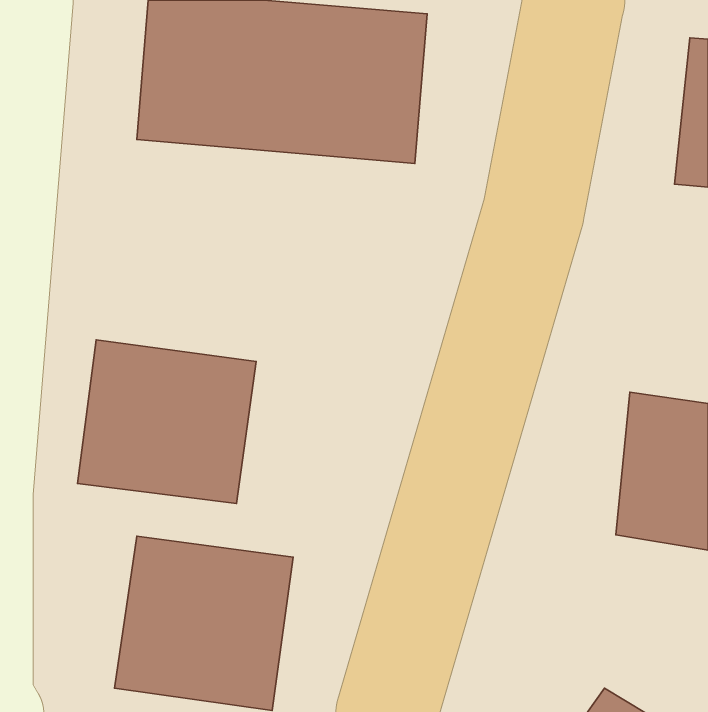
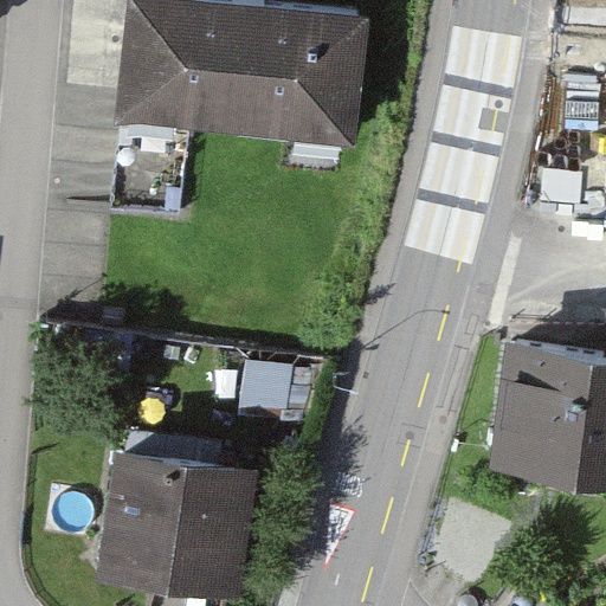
building: [78,340,256,504] -> none

